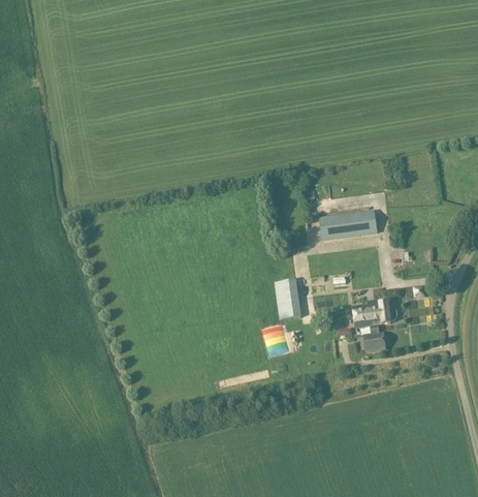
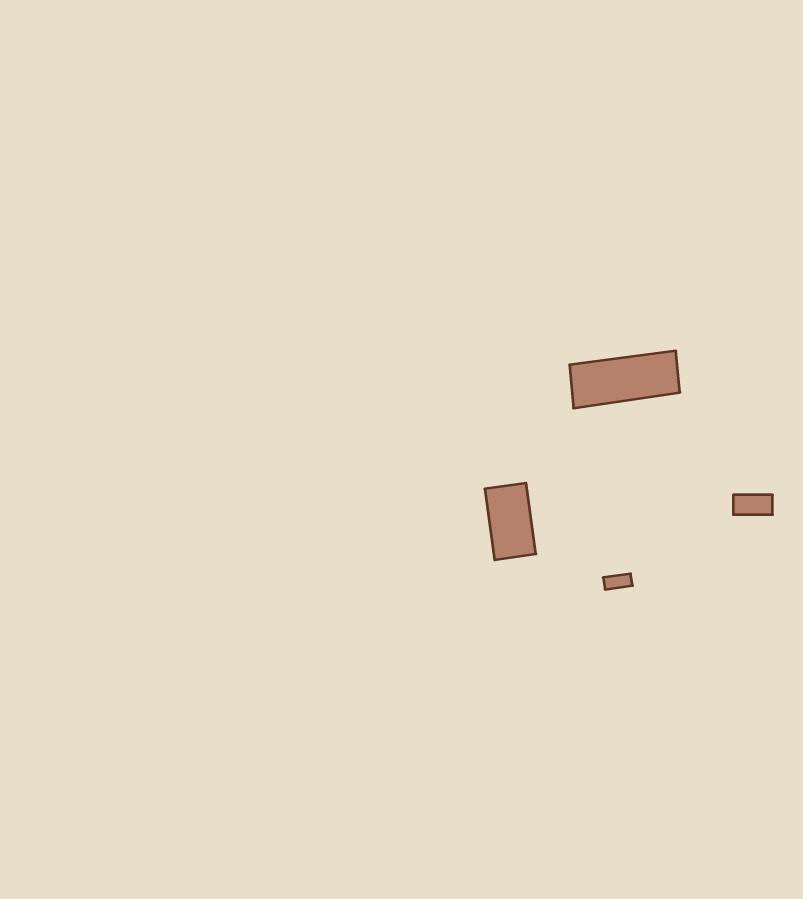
building: [352,300,397,349] -> none

